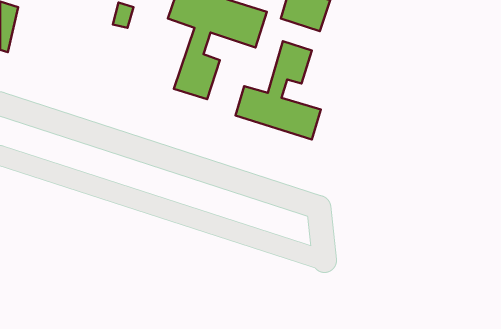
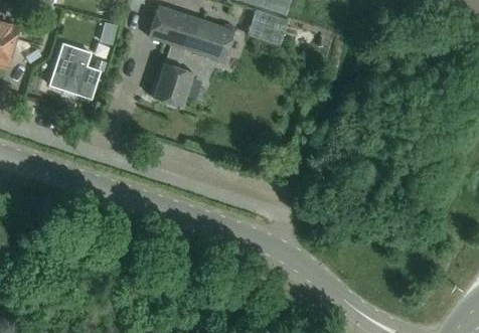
building: none -> [48,42,100,98]
building: [236,41,321,139] -> none

